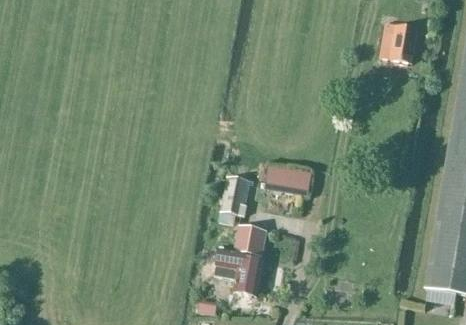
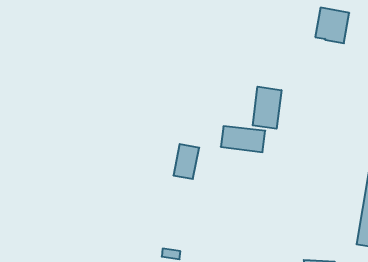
building: none -> [253,87,281,129]
building: [217,226,269,296] -> none

